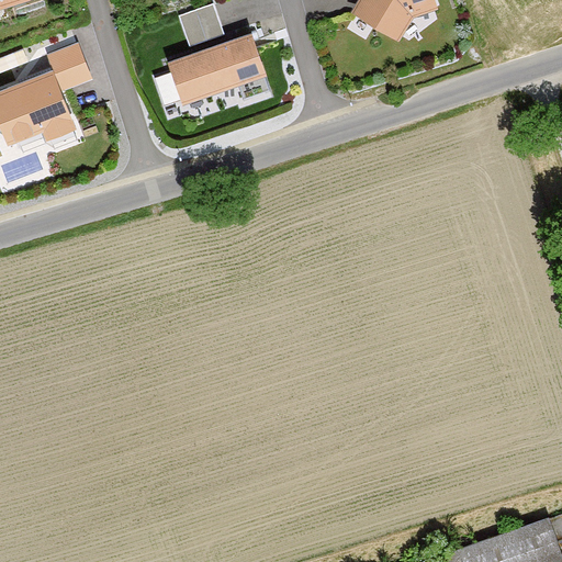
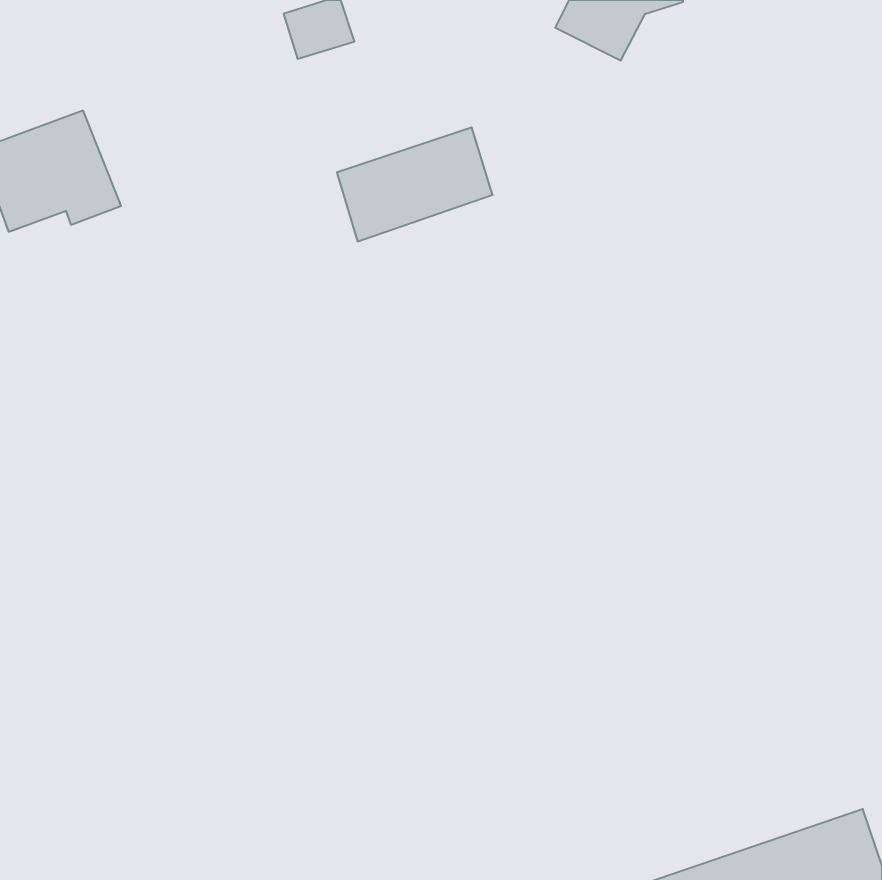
building: [166,34,265,106] -> [337,127,493,241]
building: [46,38,93,88] -> none

